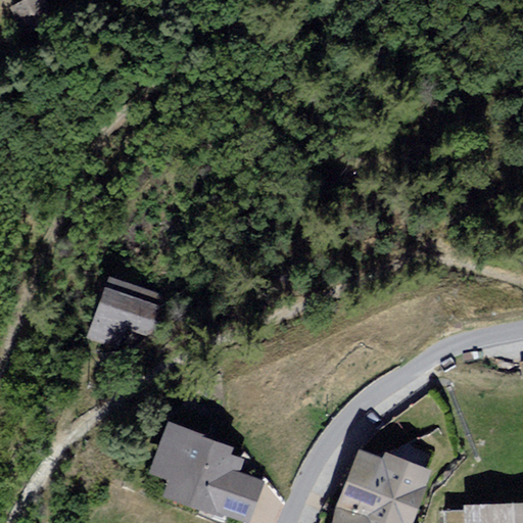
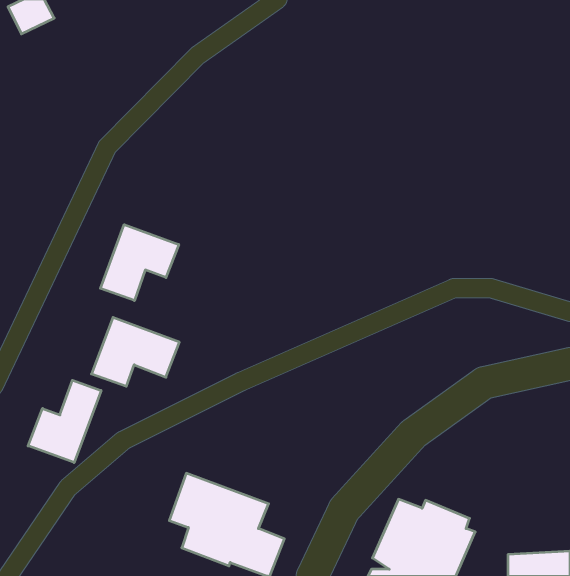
building: none -> [100,225,179,301]
building: none -> [28,380,101,463]

